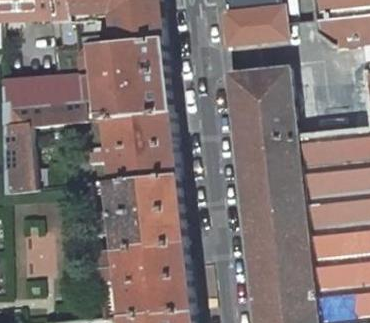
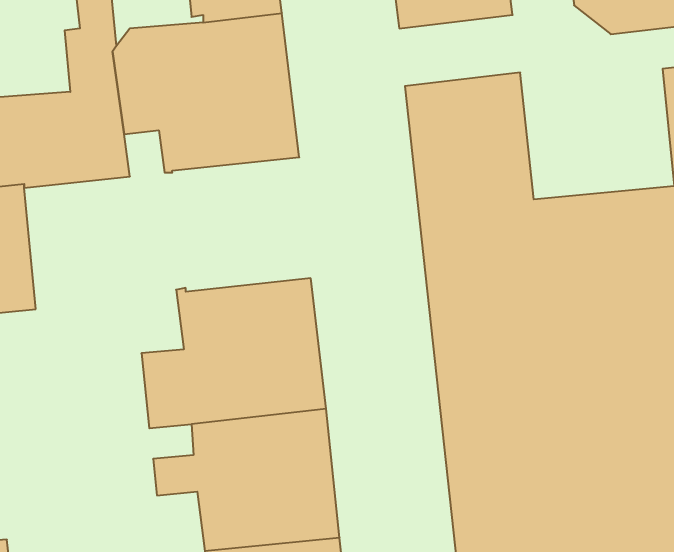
building: [106,113,178,183] -> none

